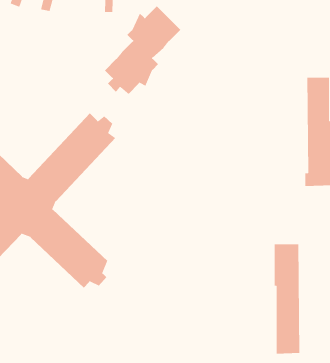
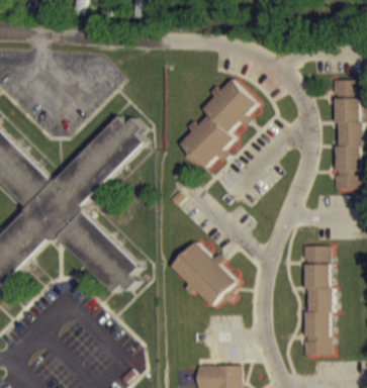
building: [104,5,181,95] -> [181,79,258,168]
building: none -> [170,240,237,306]

